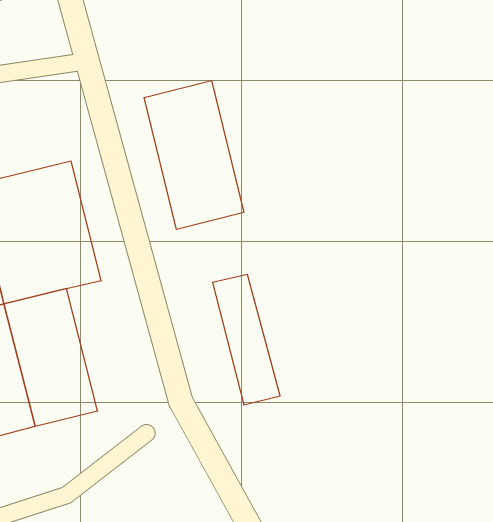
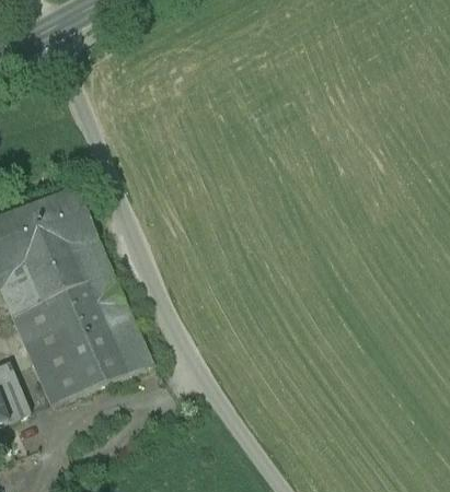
building: [144,81,244,229] -> none
building: [213,275,280,405] -> [86,272,151,374]

